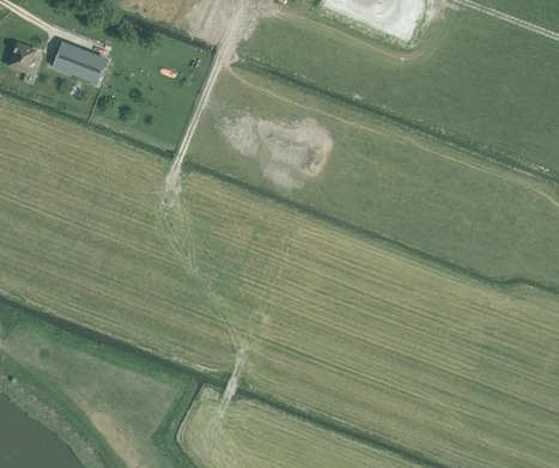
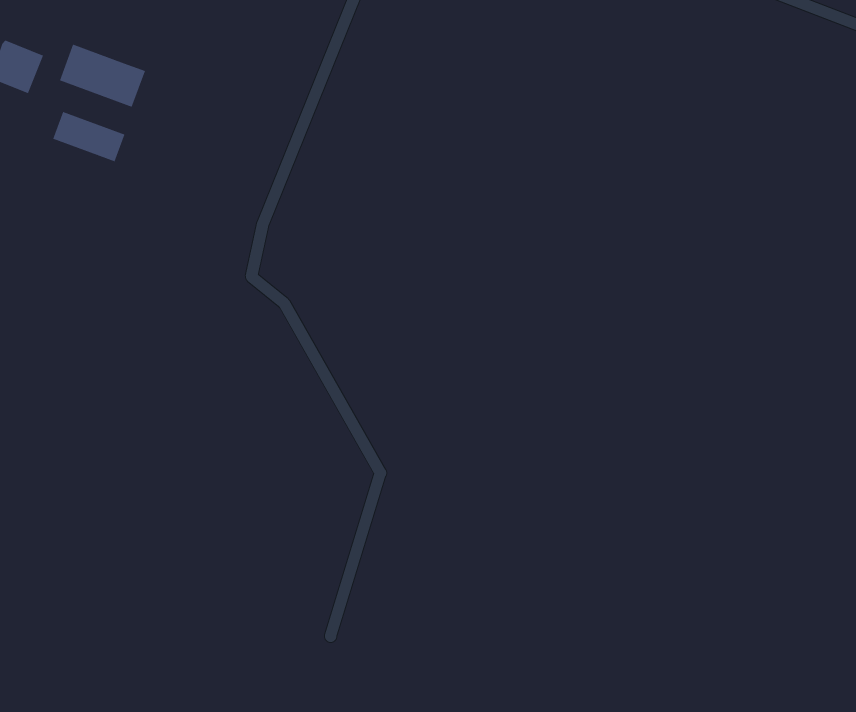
building: none -> [53,111,125,162]

